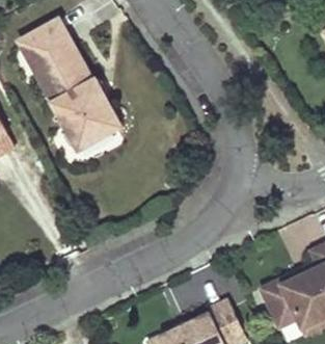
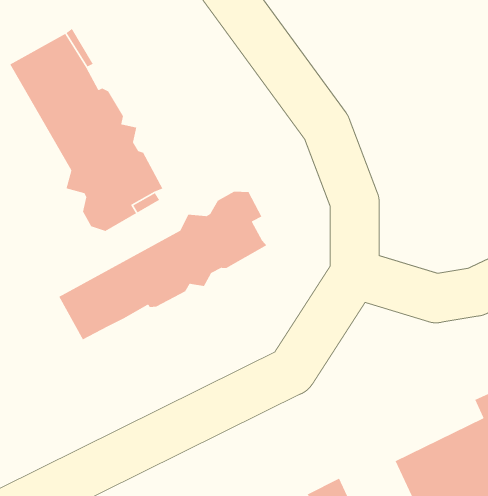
building: none -> [58,191,267,340]

